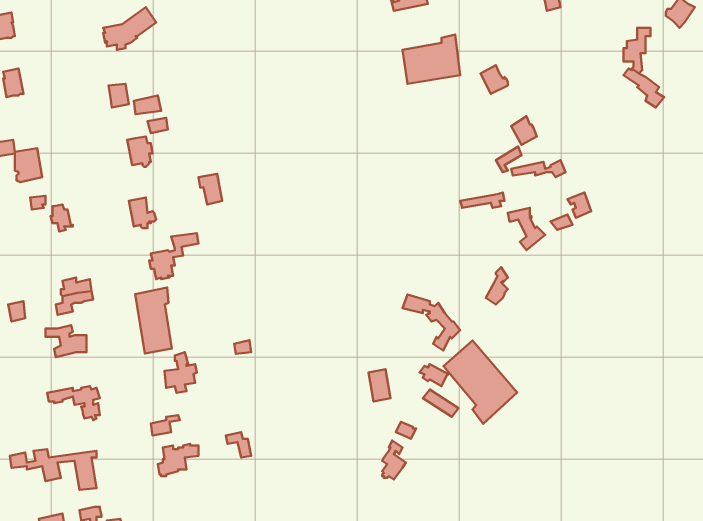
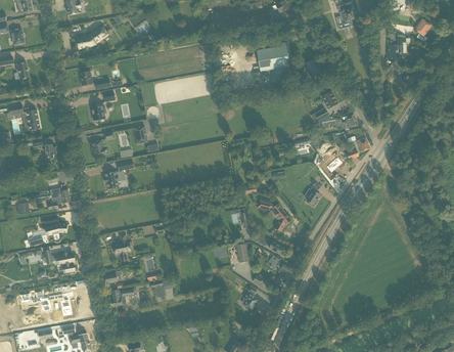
building: [135,287,172,353] -> none
building: [444,341,517,424] -> none

